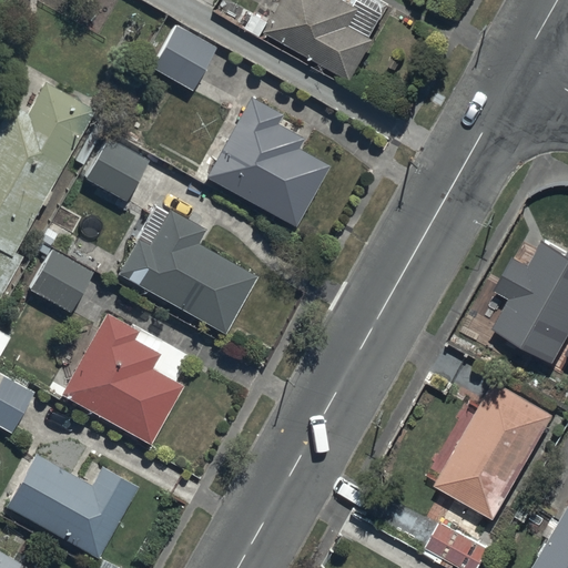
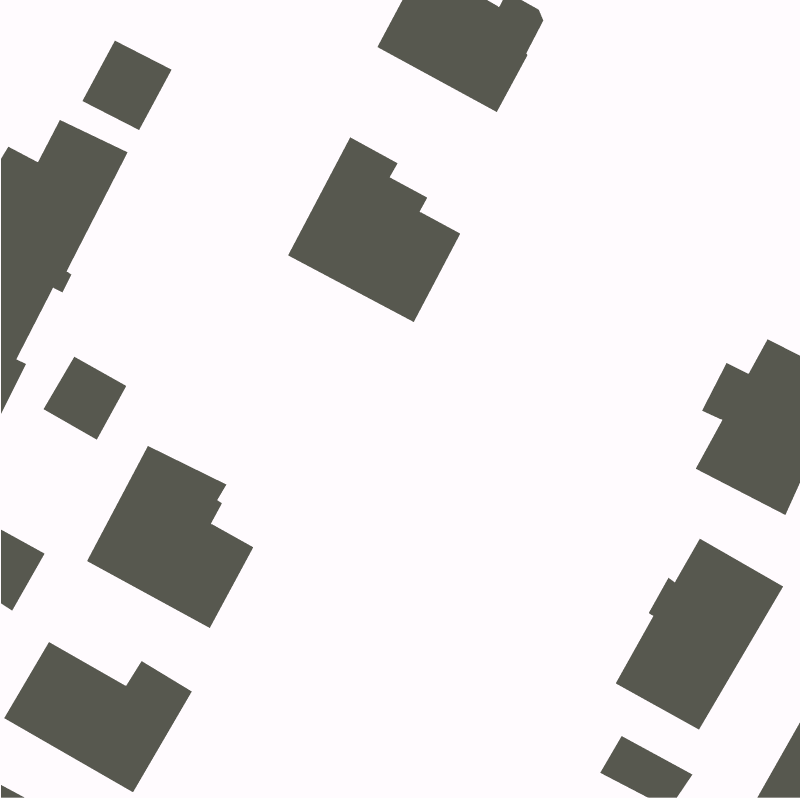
building: [152,27,216,91] -> [82,40,173,131]
building: [89,143,148,202] -> none
building: [115,203,256,334] -> none

